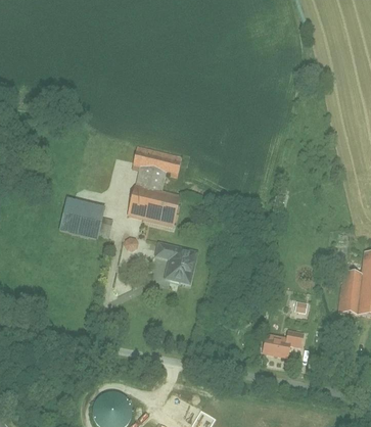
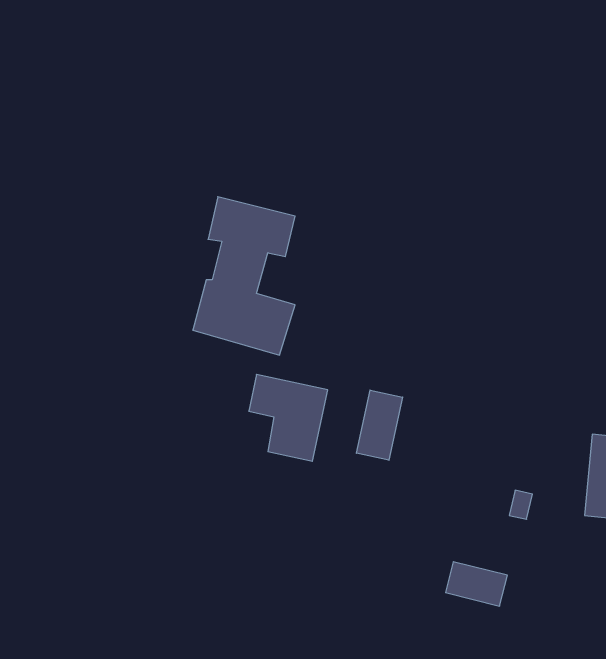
building: [61,198,105,240] -> none
building: none -> [356,390,403,460]

